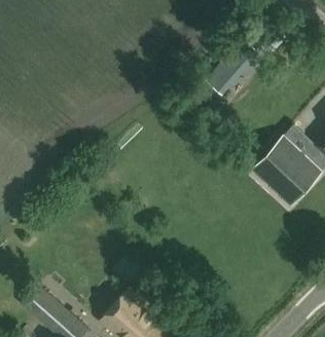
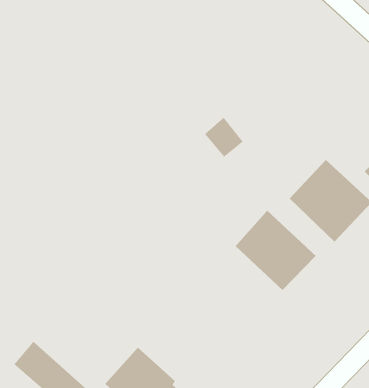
building: [209,50,242,84] -> [204,117,244,157]
building: none -> [235,210,316,291]

